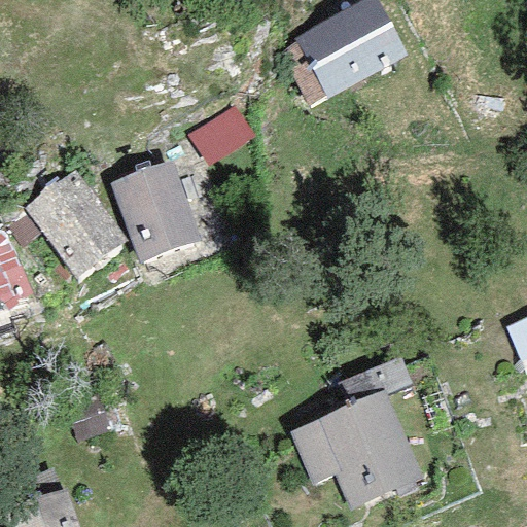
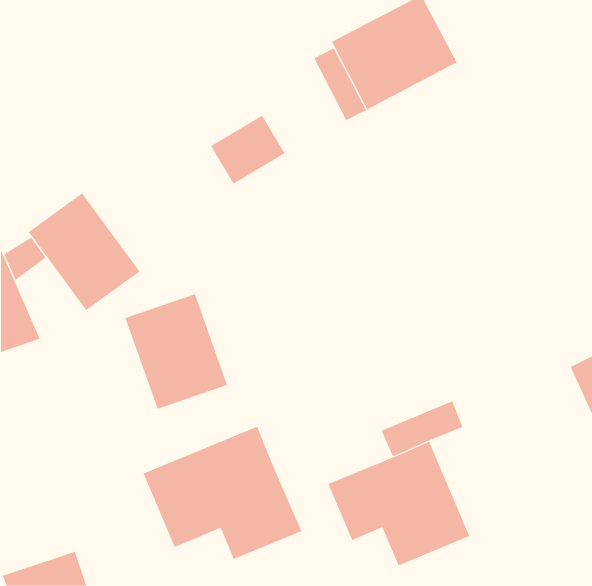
building: [110,160,202,262] -> [125,294,228,410]
building: none -> [143,426,302,560]

